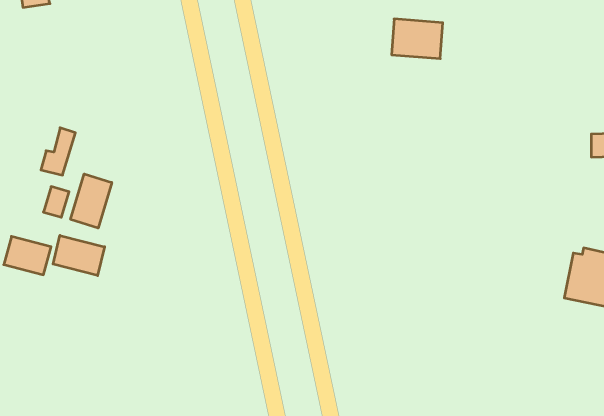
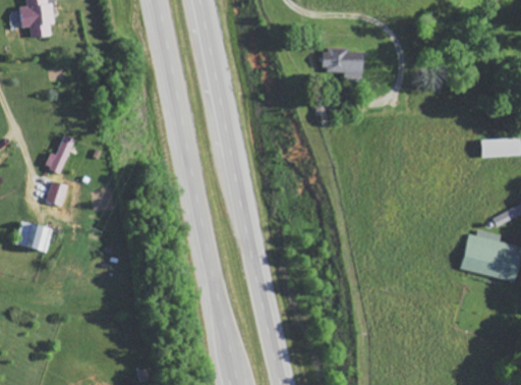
building: [71,174,112,228] -> none
building: [53,235,105,276] -> none

